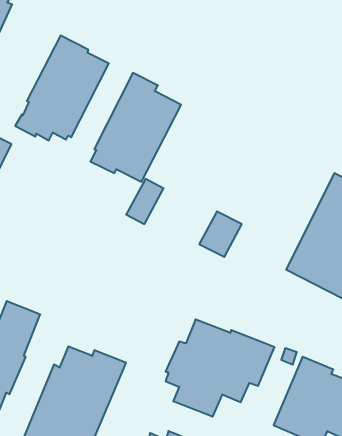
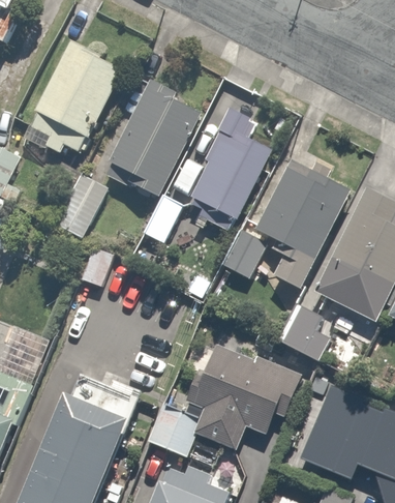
building: none -> [189,109,272,232]
building: none -> [254,160,351,290]
building: none -> [55,173,108,236]
building: none -> [275,303,330,362]
building: none -> [146,404,199,457]

